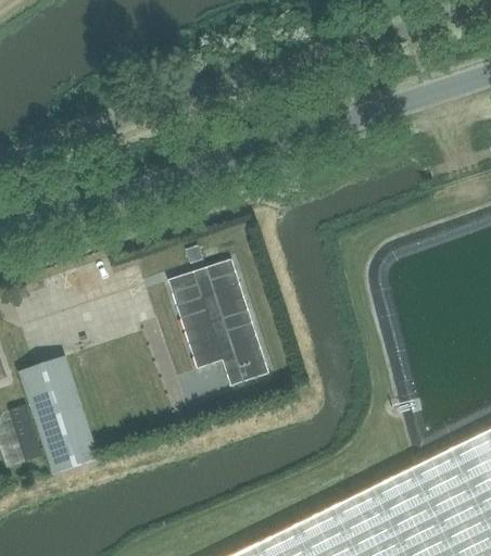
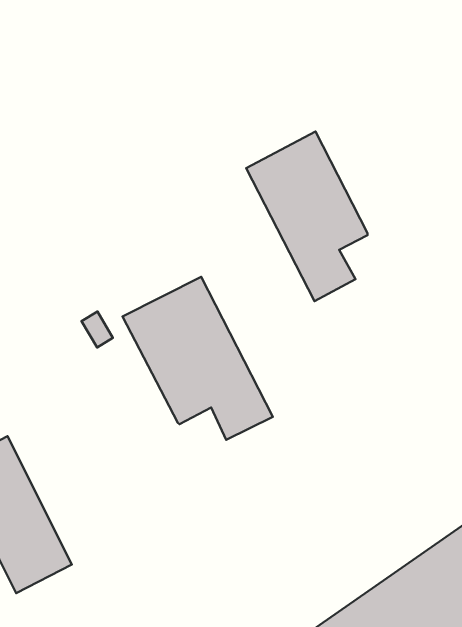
building: none -> [246,131,367,301]

